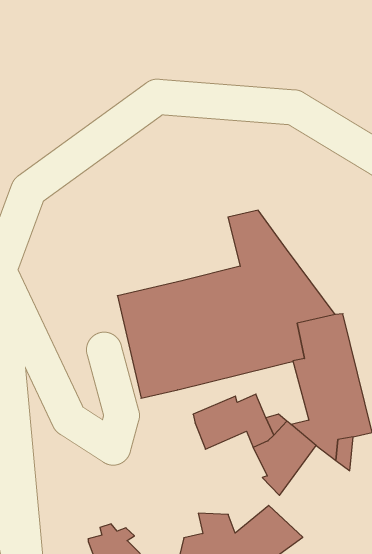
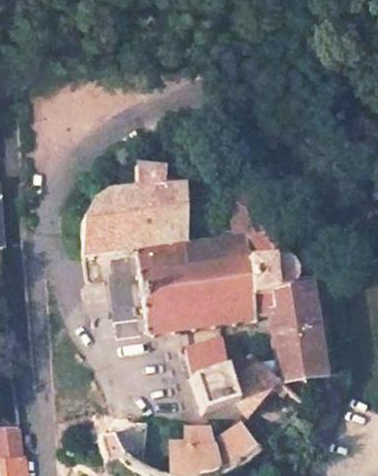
building: none -> [82,165,187,256]
building: none -> [195,366,241,414]

